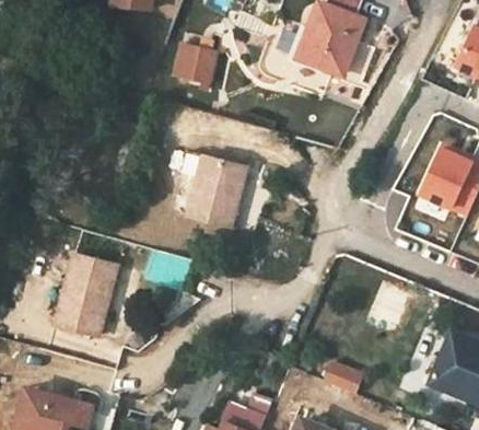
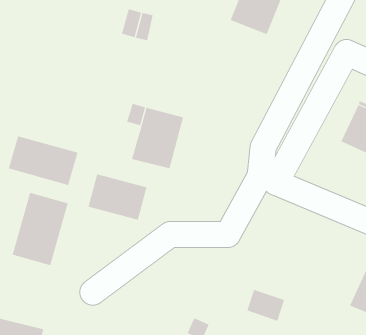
building: none -> [8,135,78,186]
building: none -> [88,174,147,220]

